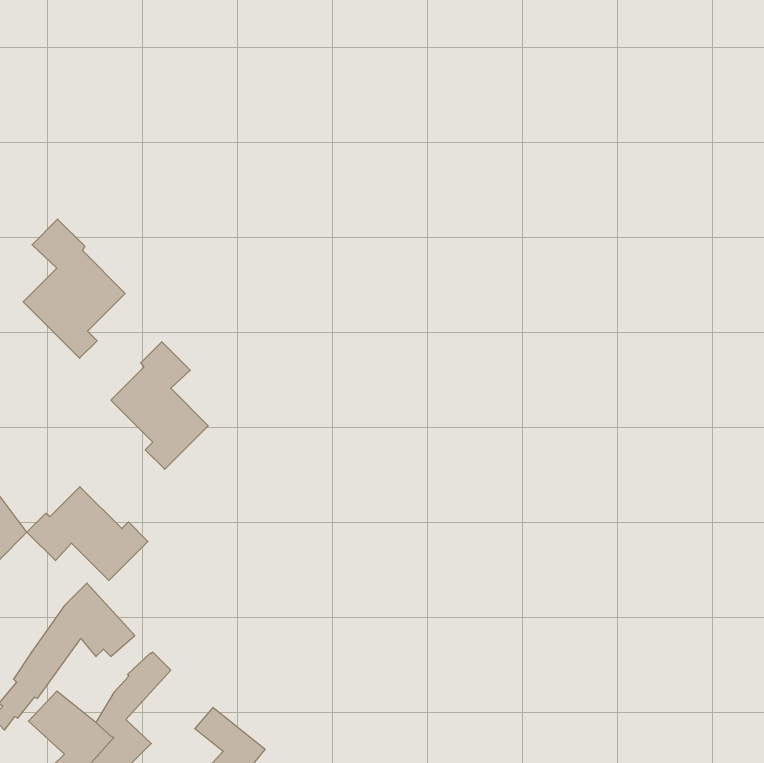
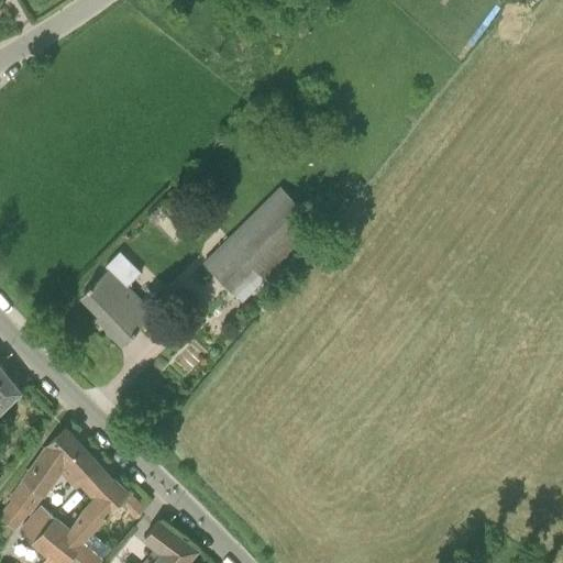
building: [23,219,125,358] -> none
building: none -> [202,189,317,302]
building: [27,487,148,580] -> none

